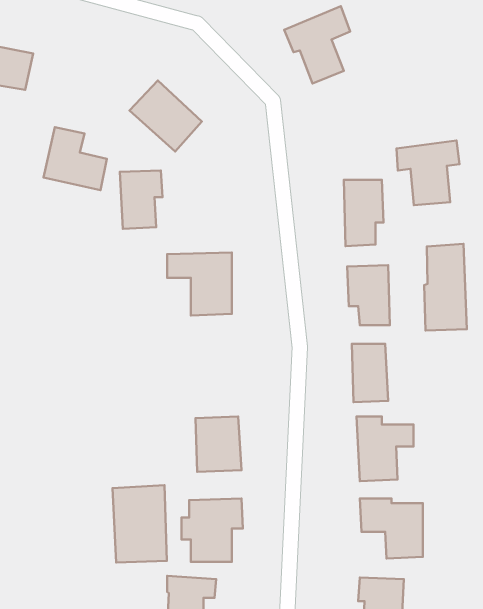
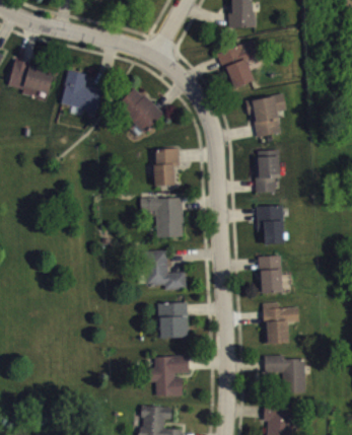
building: [44,127,107,190] -> [62,70,102,111]
building: [396,140,460,205] -> [245,94,286,136]
building: [120,170,162,229] -> [152,148,180,186]
building: [424,244,467,331] -> none
building: none -> [147,249,186,289]
building: [112,485,167,562] -> none

